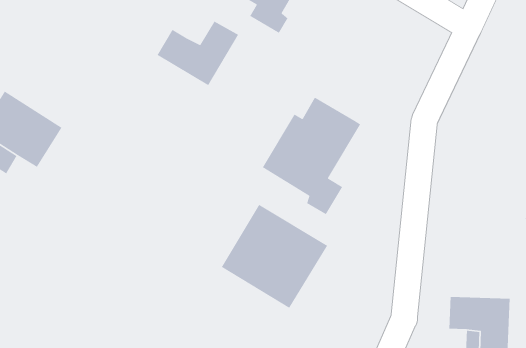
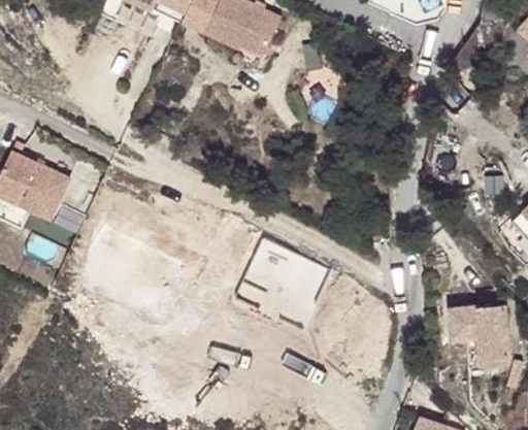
building: [157,21,239,86] -> none
building: [262,97,361,215] -> none

